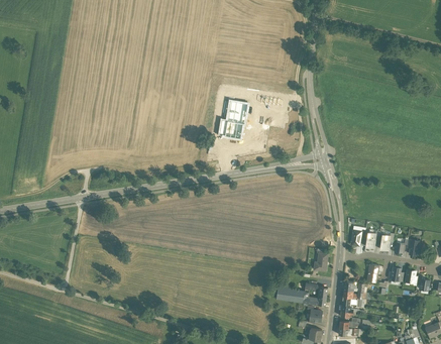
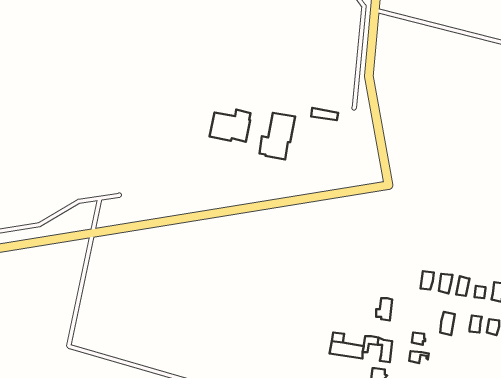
building: none -> [209,109,250,142]

